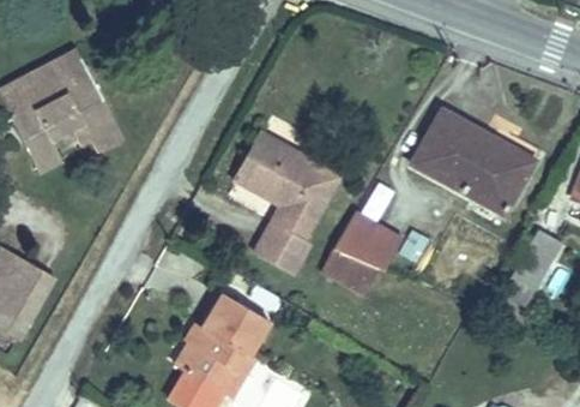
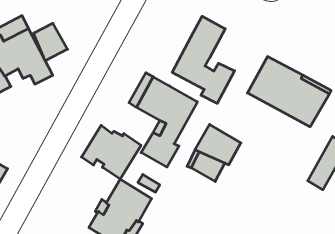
building: none -> [172,16,235,103]
building: none -> [34,23,68,61]
building: none -> [81,125,141,179]

